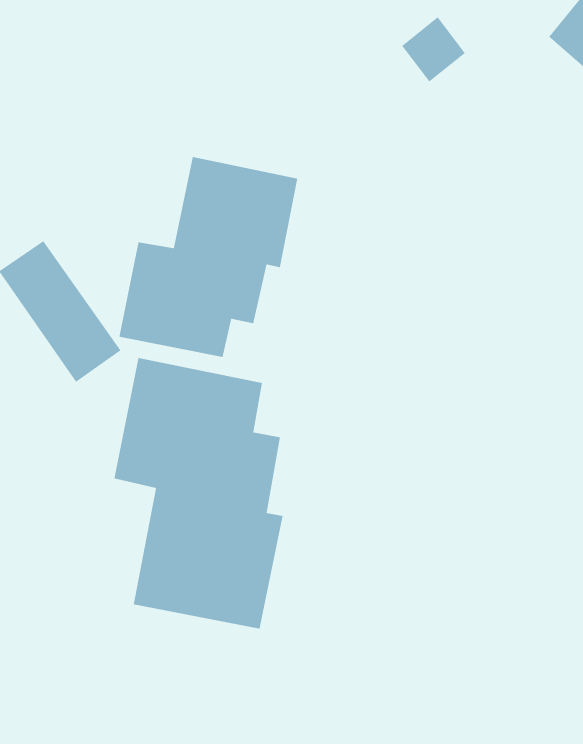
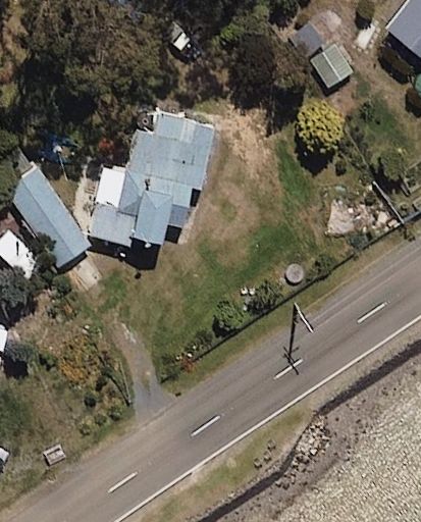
building: [113,357,283,629] -> none

